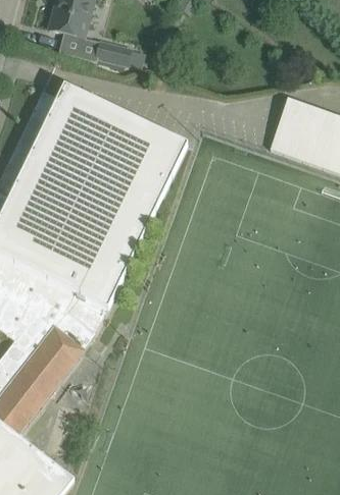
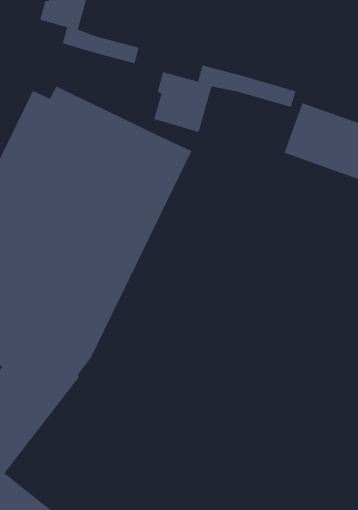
building: none -> [153,64,296,133]

